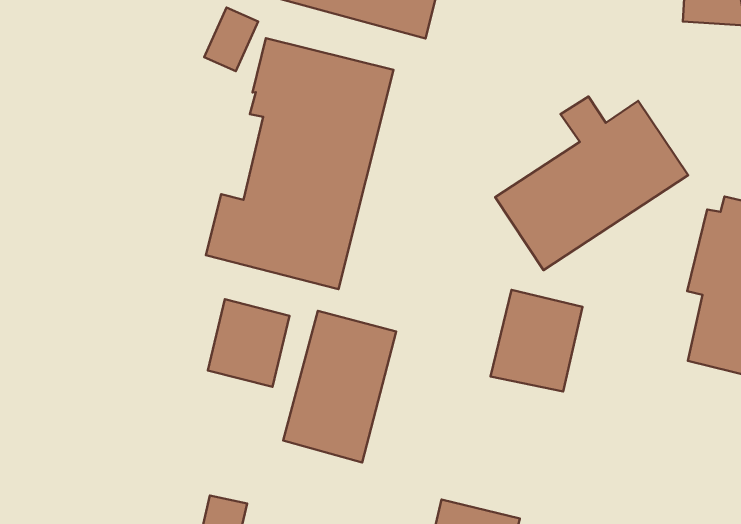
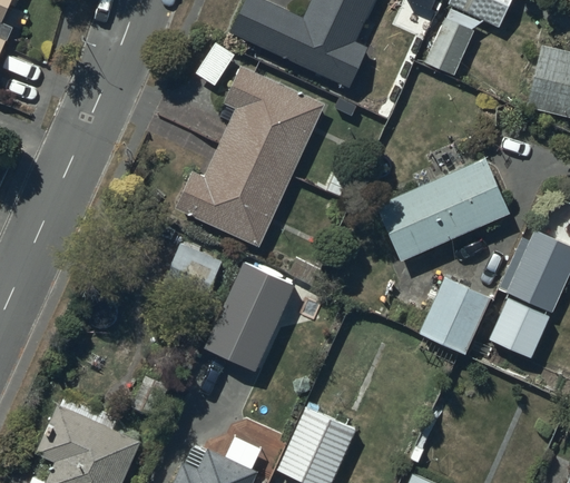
building: [491,290,583,392] -> [421,276,492,352]

